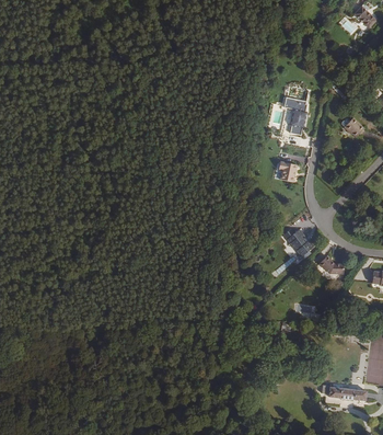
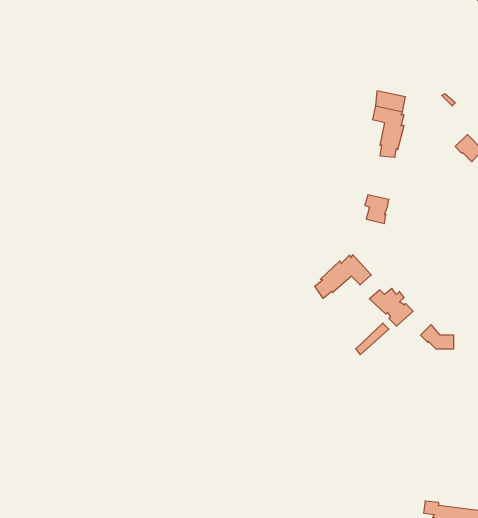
building: none -> [315,255,371,298]

